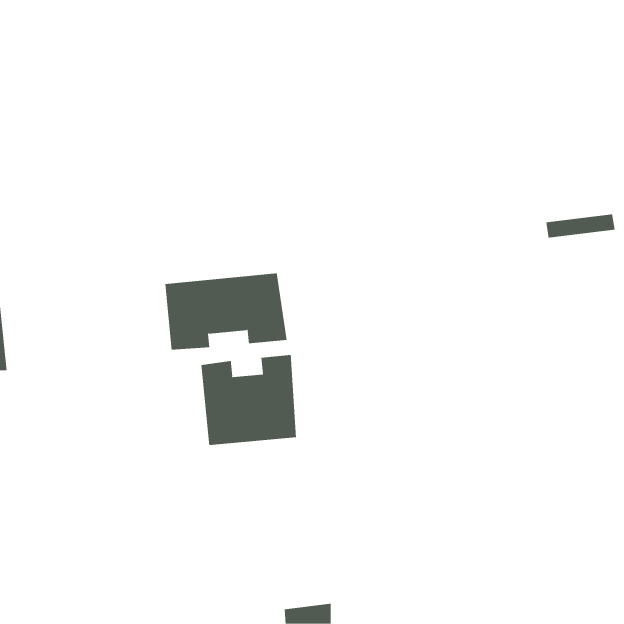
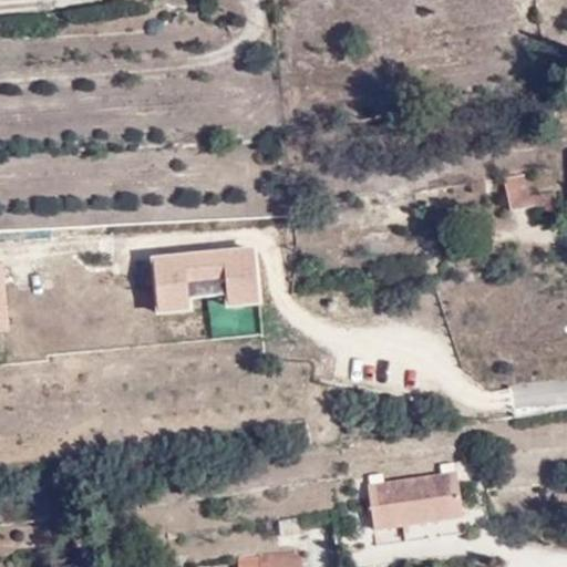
building: [201,354,297,446] -> none
building: none -> [364,470,460,527]

